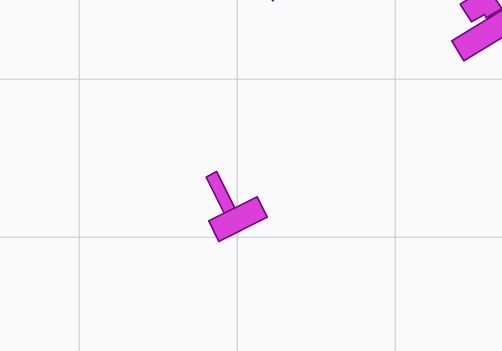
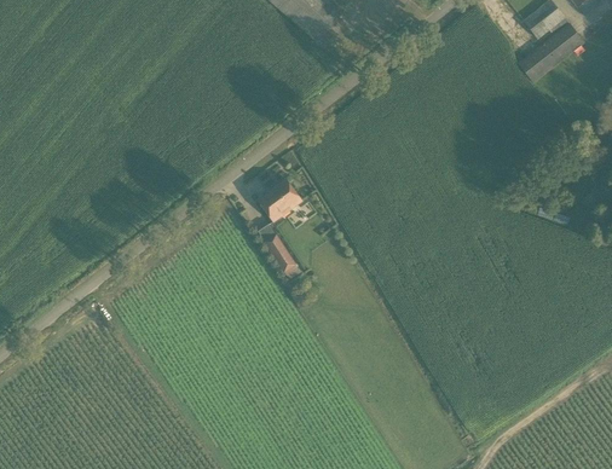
building: none -> [256,178,300,220]
building: [209,197,267,241] -> none

